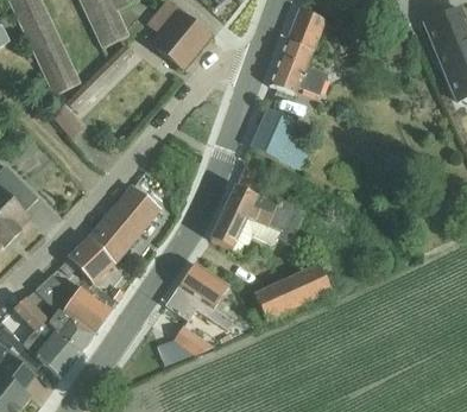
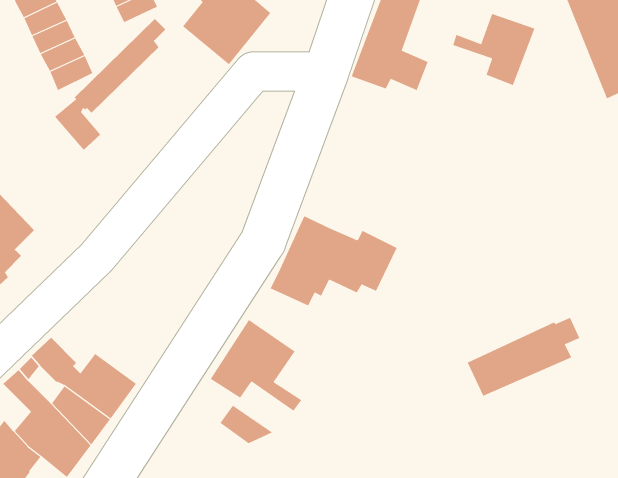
building: none -> [452,13,535,86]
building: [250,107,308,167] -> none
building: [68,186,157,283] -> none
building: [253,260,336,318] -> [467,317,580,396]

